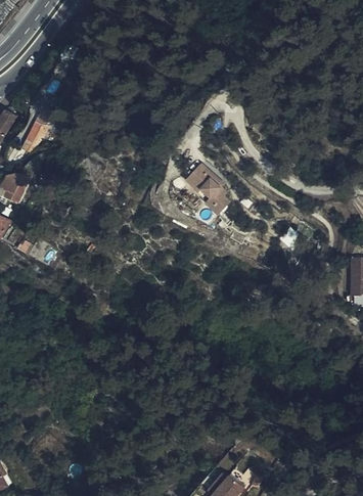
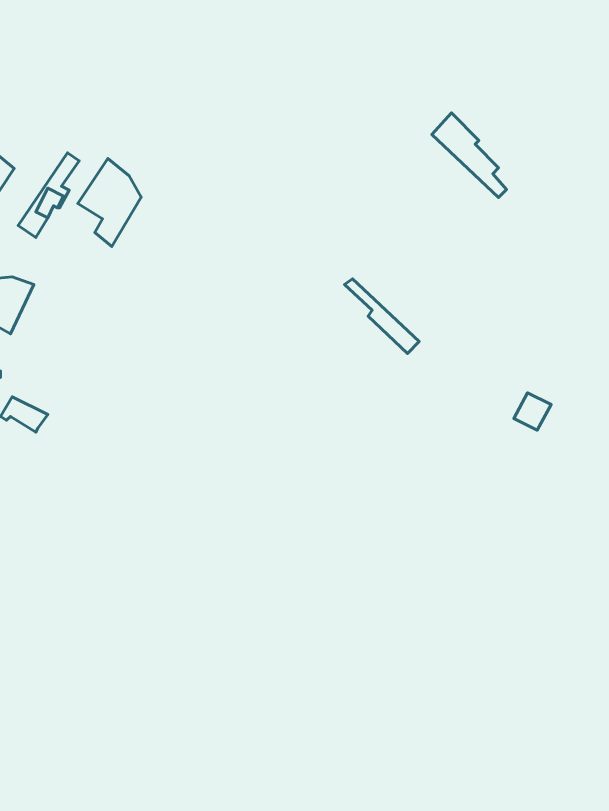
building: none -> [78,159,141,247]
building: [193,164,232,208] -> [432,113,507,197]

